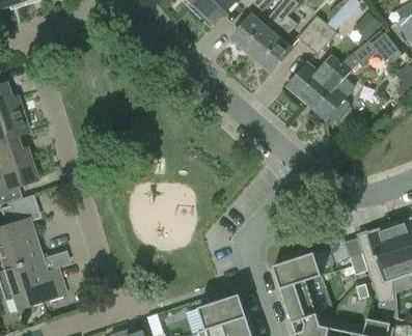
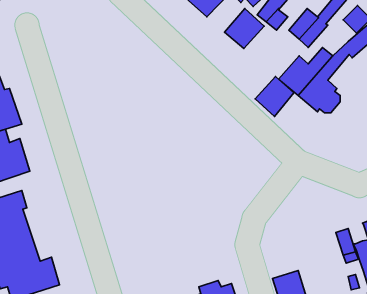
building: [251,33,291,74] -> [255,76,294,116]
building: [273,249,322,289] -> none

